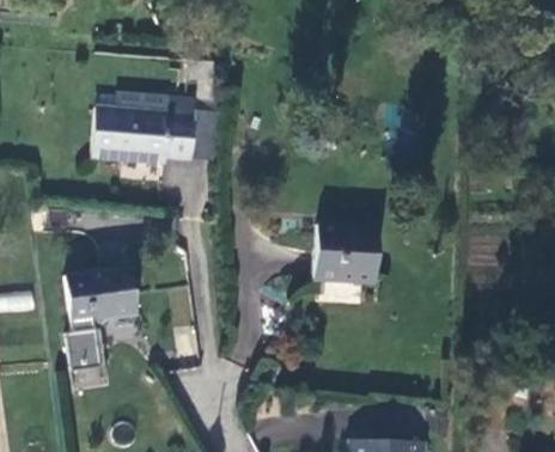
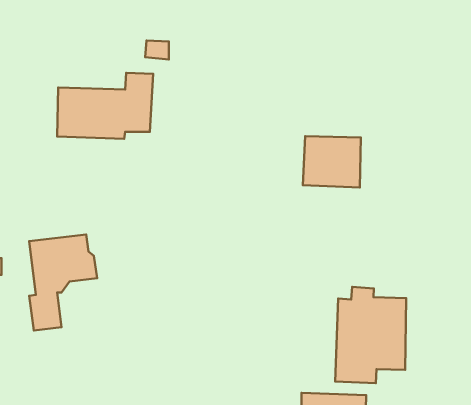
building: [313,225,376,280] -> [303,136,361,188]
building: none -> [335,287,406,383]

